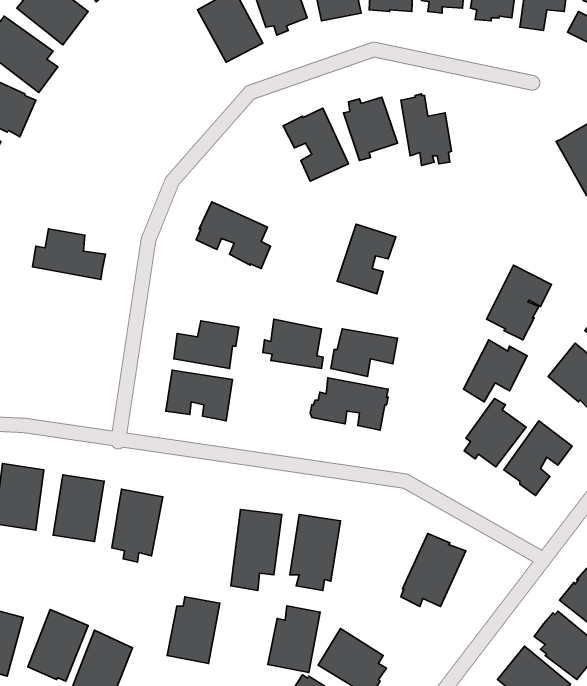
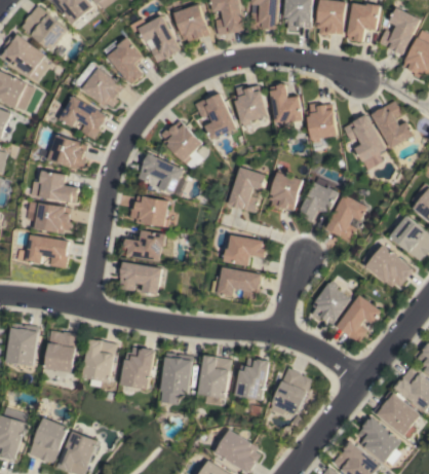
building: none -> [103,37,144,84]
building: none -> [75,63,123,108]
building: none -> [60,96,107,140]
building: none -> [306,103,337,151]
building: none -> [343,114,385,170]
building: none -> [160,120,202,170]
building: none -> [45,135,87,170]
building: none -> [269,172,303,211]
building: none -> [32,203,72,233]
building: [263,319,323,368] -> [129,195,168,227]
building: none -> [27,234,69,268]
building: [464,340,527,402] -> [298,182,339,222]
building: [167,597,220,663] -> [121,347,155,390]
building: [268,606,320,672] -> [235,357,269,400]

